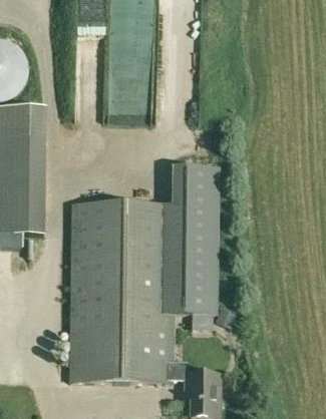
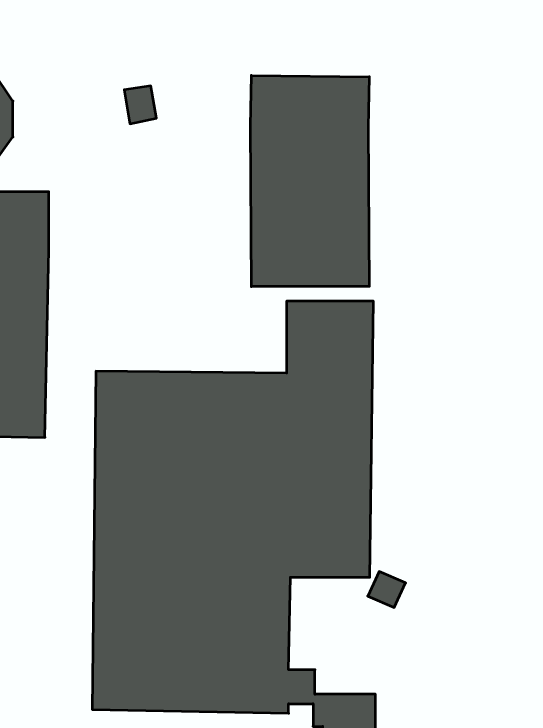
building: none -> [250,75,369,287]

